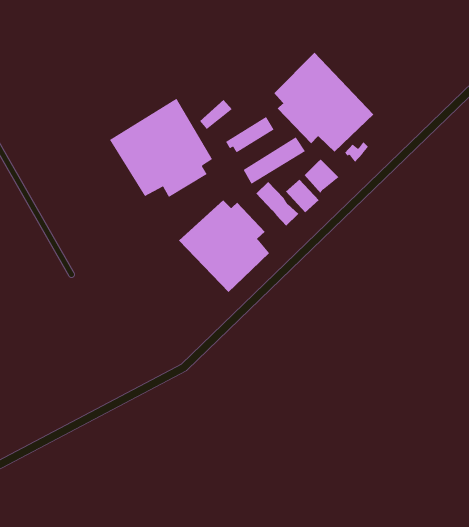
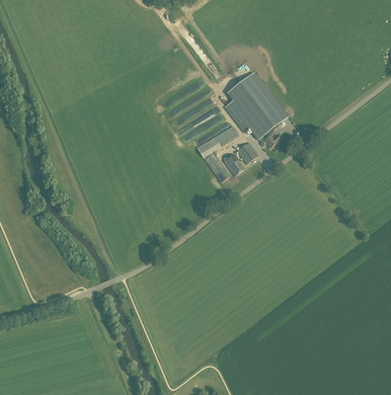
building: [109,98,213,198] -> none
building: [178,199,270,293] -> none

